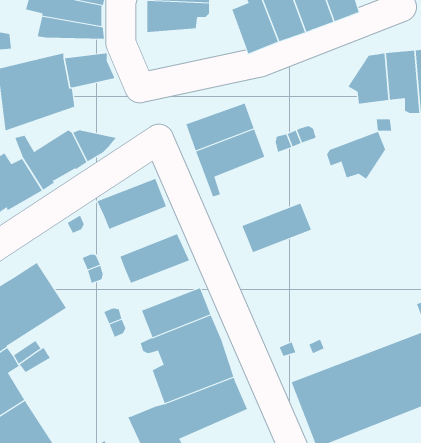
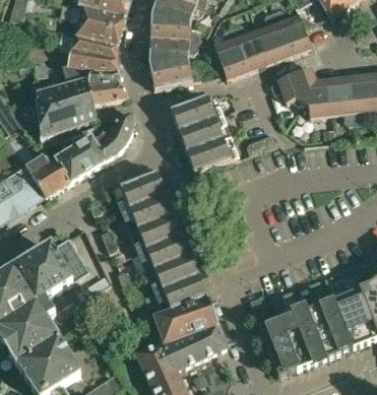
building: none -> [148,59,200,87]
building: none -> [62,64,120,82]
building: none -> [171,92,224,131]
building: none -> [99,112,133,141]
building: [326,131,387,180] -> [270,66,316,103]
building: [242,203,312,253] -> [137,234,190,271]
building: none -> [121,193,173,231]

